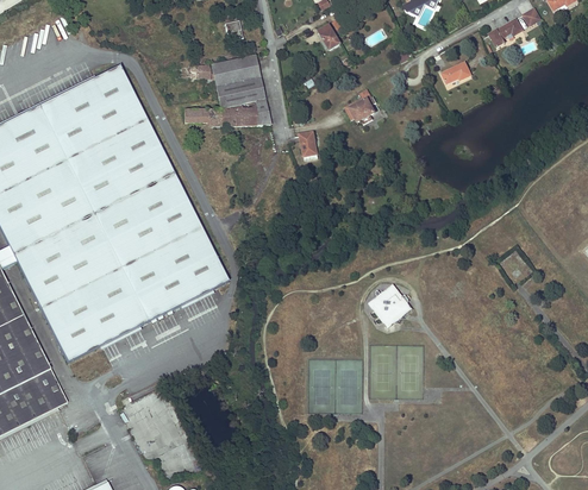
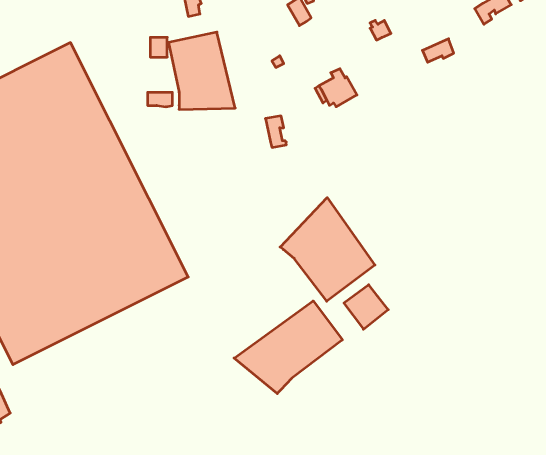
building: none -> [280,198,375,301]
building: none -> [234,301,342,394]

